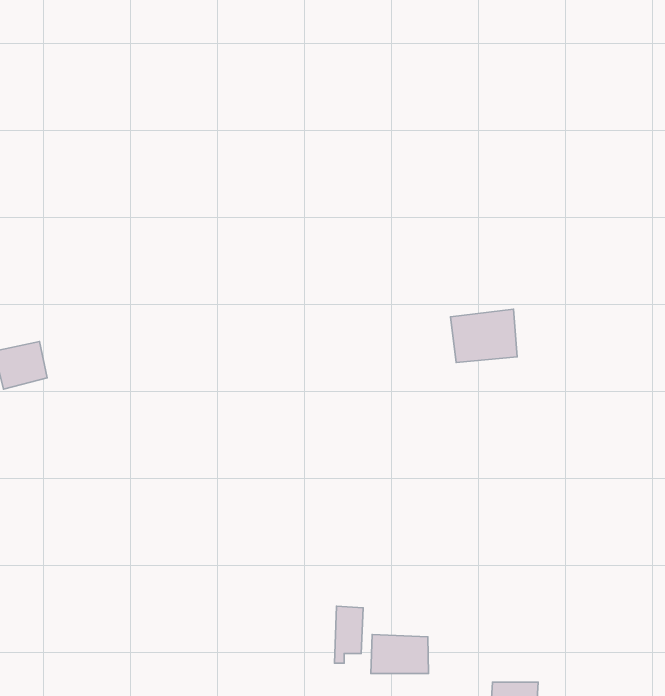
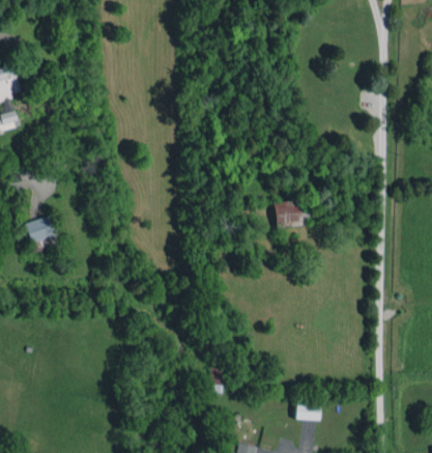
building: [371,634,428,674] -> none

